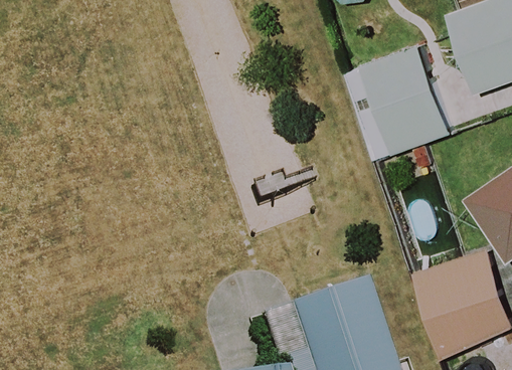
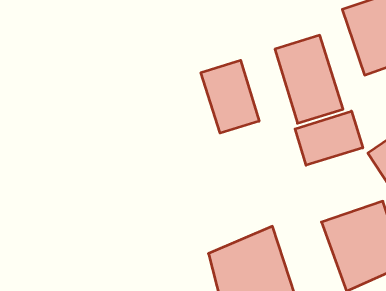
building: none -> [201,60,259,133]
building: none -> [295,111,363,165]

